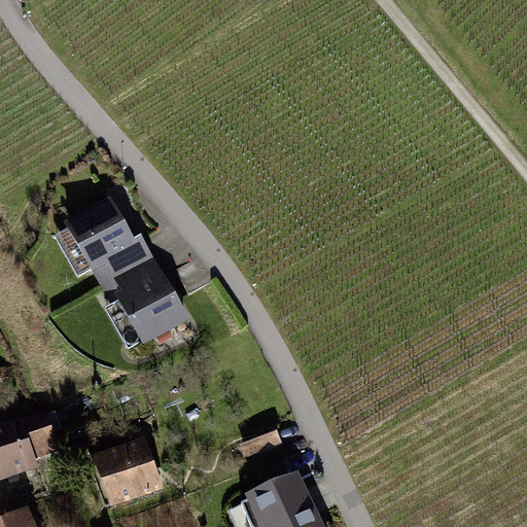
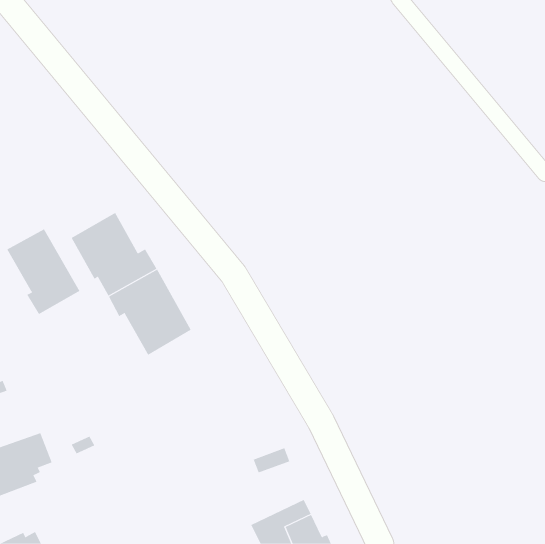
building: none -> [7,228,80,315]
building: [102,443,160,501] -> none

